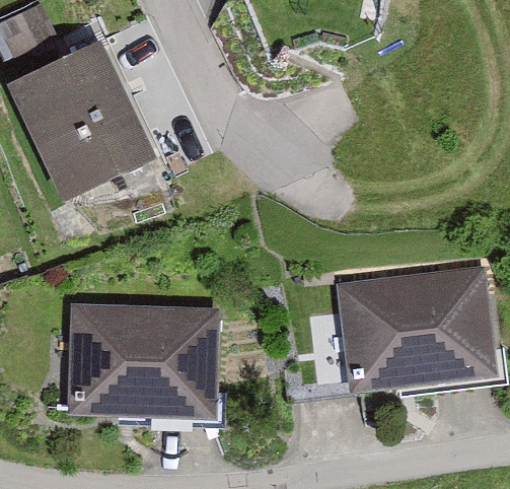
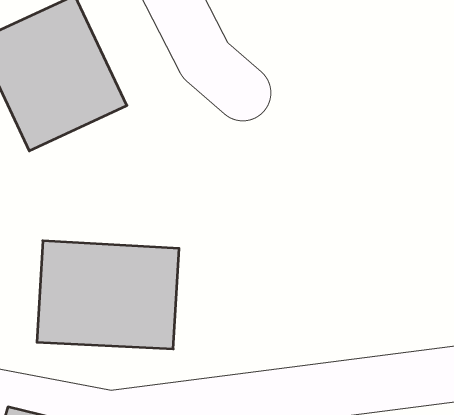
building: [341,269,499,389] -> none

